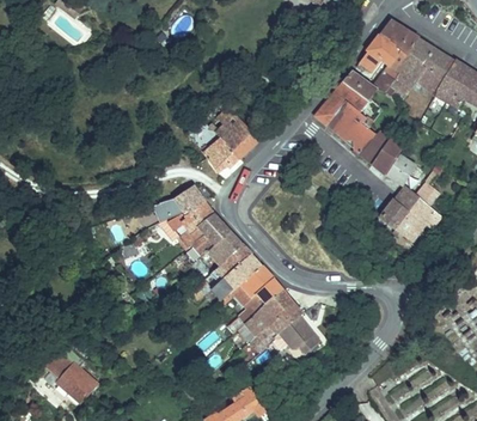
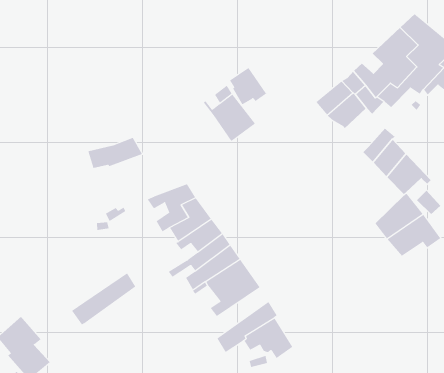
building: [342,112,379,147] -> none
building: [202,136,239,172] -> [229,67,268,105]
building: [152,188,203,221] -> [87,137,143,169]
building: [234,289,292,343] -> [71,272,136,325]

